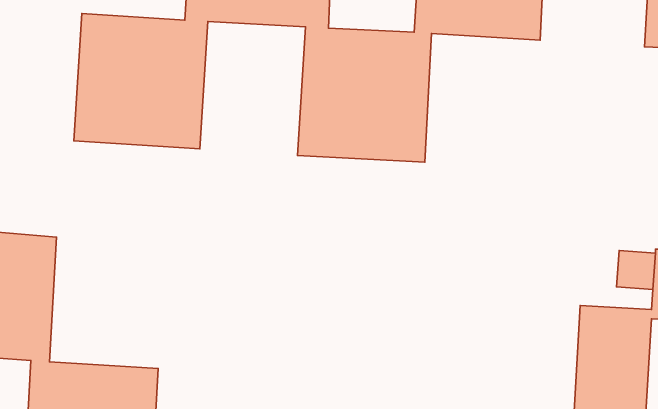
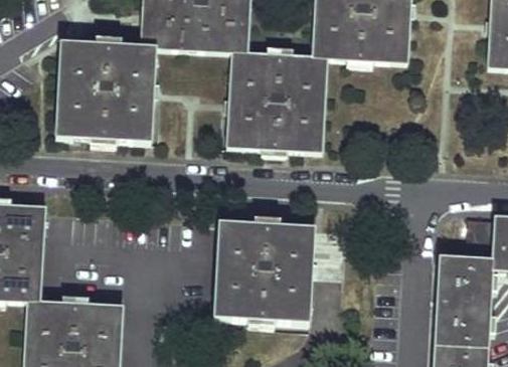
building: none -> [214,223,314,322]

